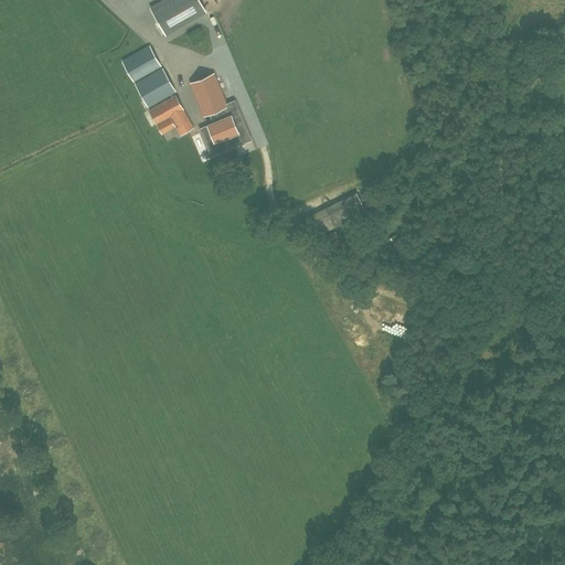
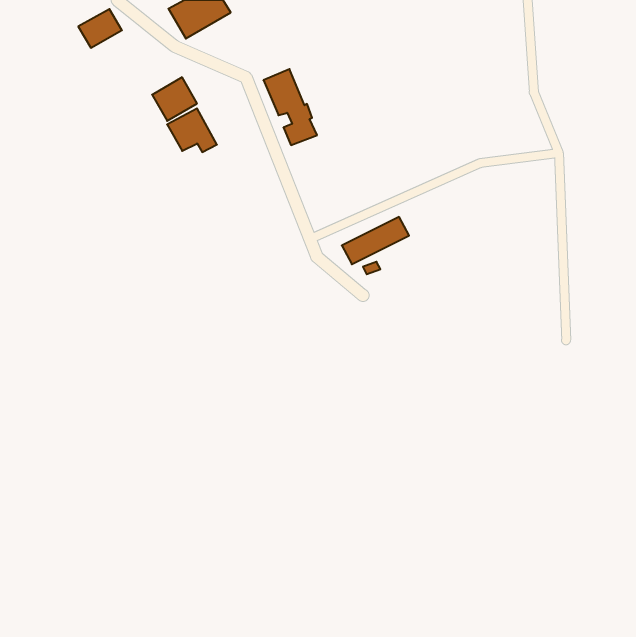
building: [121,46,160,81] -> [78,9,122,48]
building: [190,74,237,141] -> [263,69,317,145]

